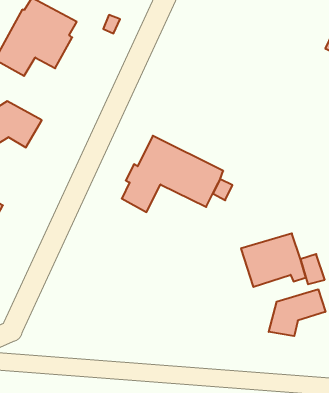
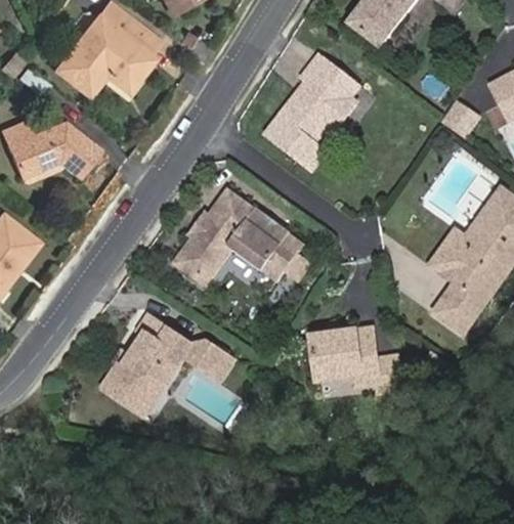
building: none -> [263,53,359,171]
building: none -> [101,314,227,408]
building: [269,289,325,336] -> none

